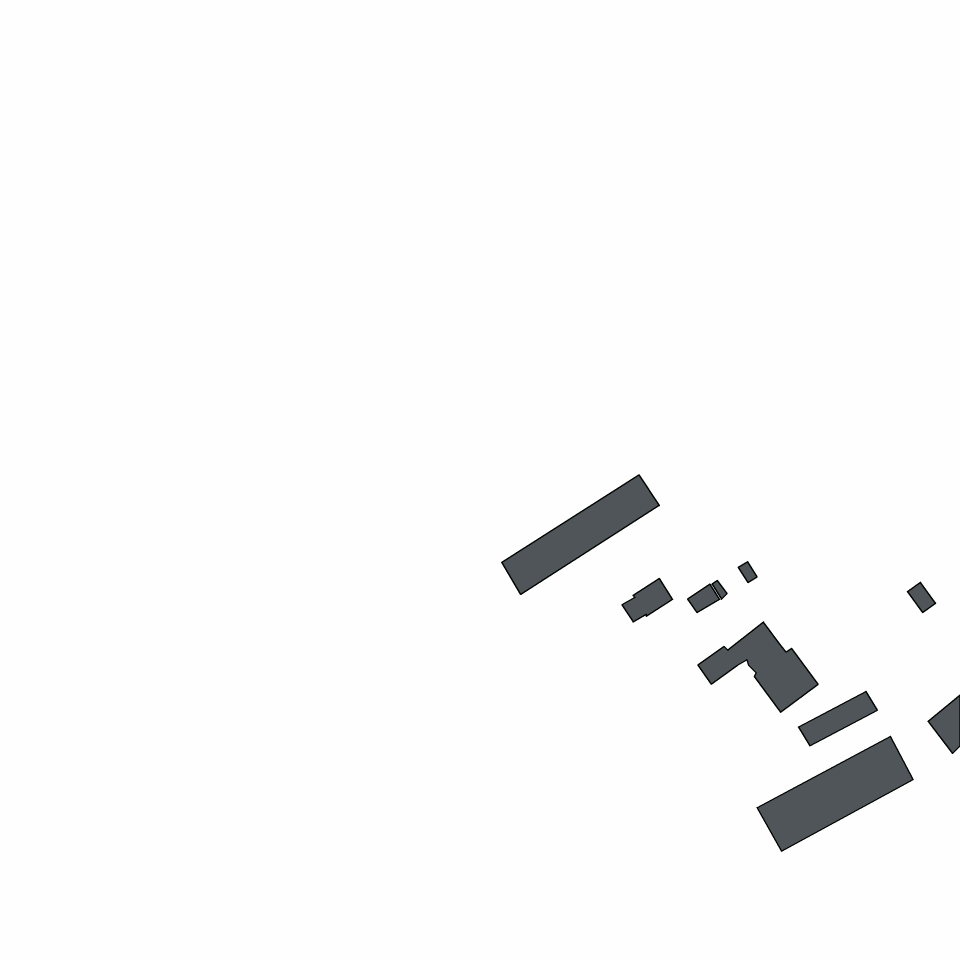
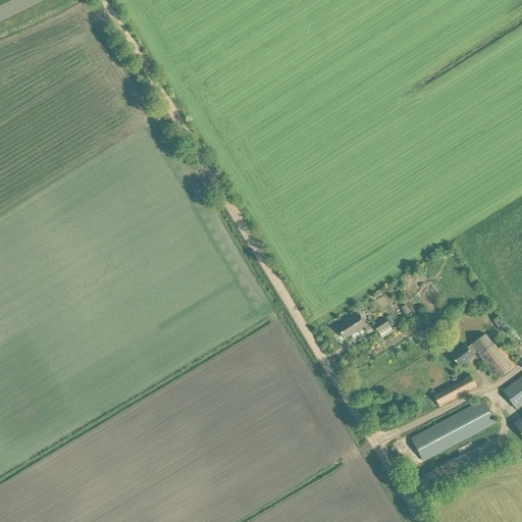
building: [502,475,659,594] -> none
building: [698,622,818,712] -> [451,332,516,381]

